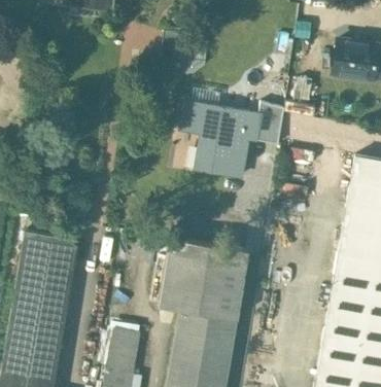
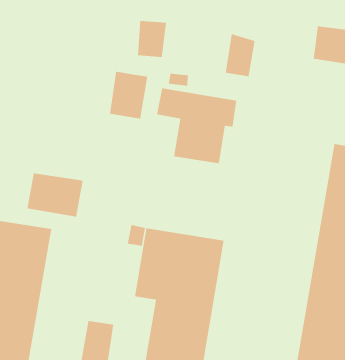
building: none -> [109,70,148,120]
building: [254,102,284,145] -> [225,33,255,77]
building: none -> [27,173,84,217]

